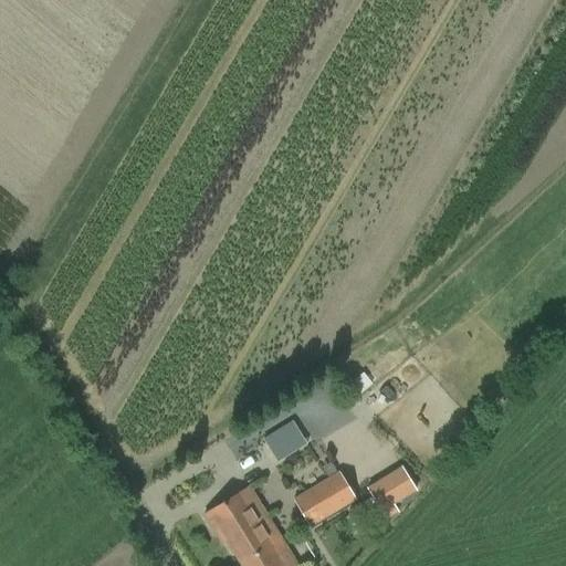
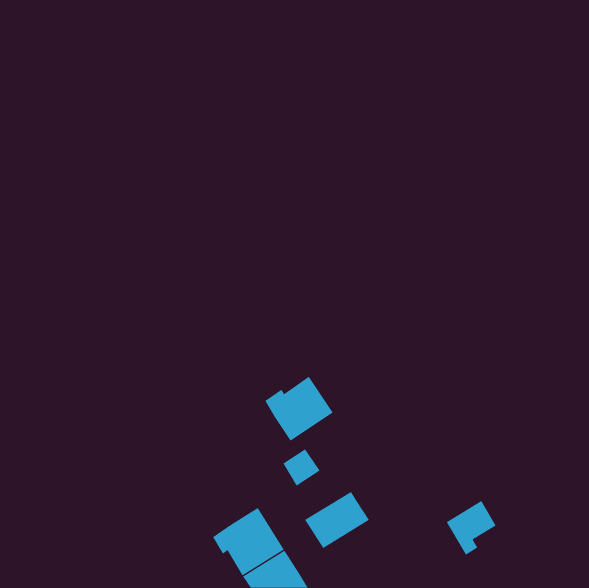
building: none -> [264,376,334,442]
building: [367,465,416,518] -> [446,500,497,556]

